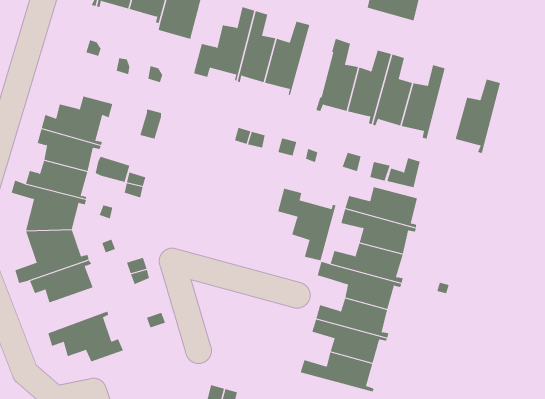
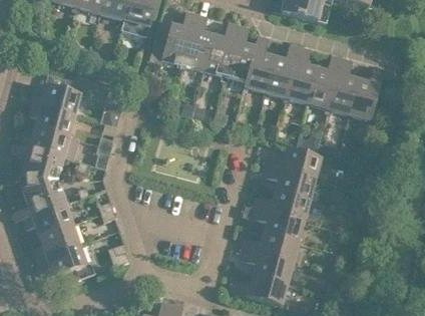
building: none -> [223,25,254,80]
building: none -> [327,58,357,113]
building: [277,188,336,261] -> none
building: none -> [33,226,83,261]

